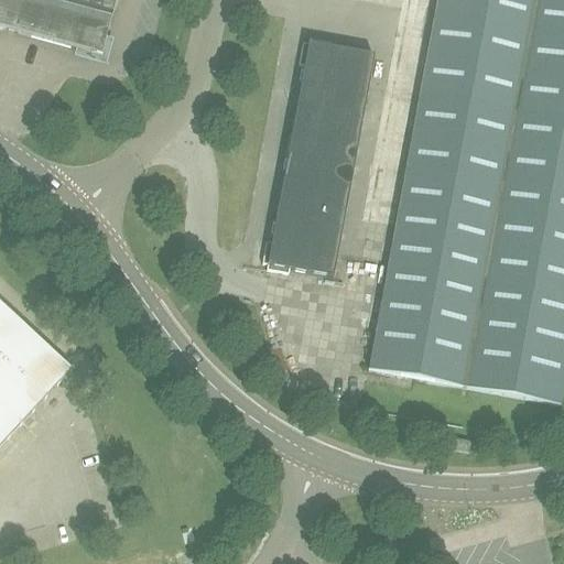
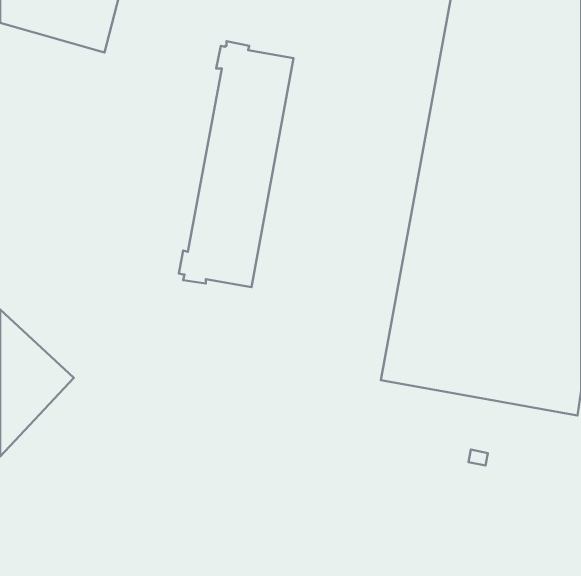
building: [262,35,373,273] -> [179,41,294,287]

